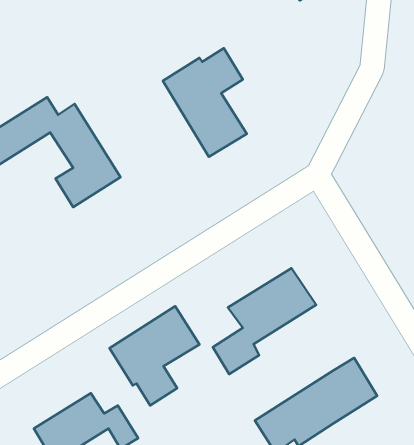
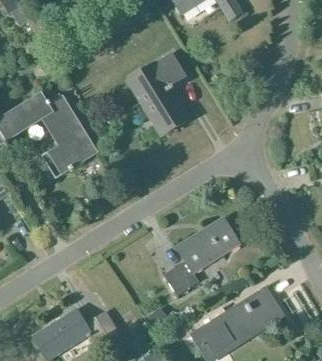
building: [110,306,199,405] -> none

